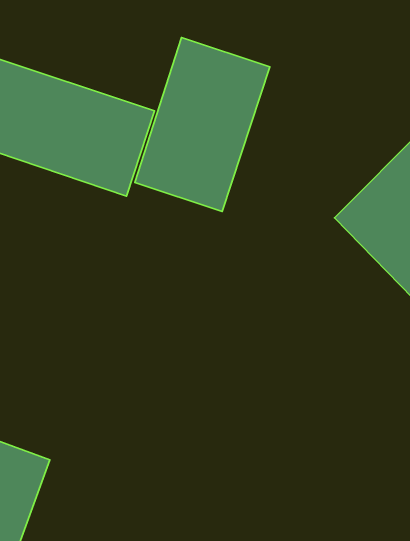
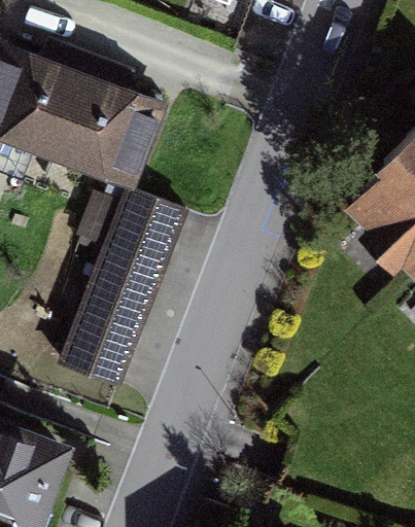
building: [135,37,270,211] -> none
building: none -> [60,194,178,383]

